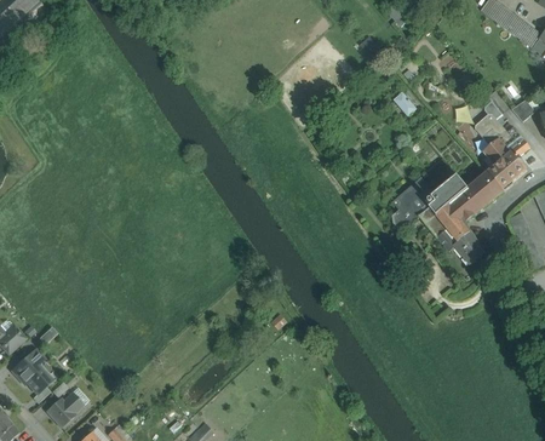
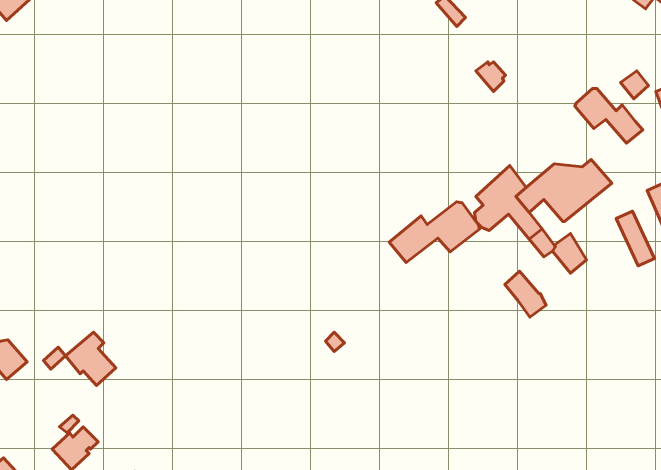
building: [482,138,526,190] -> none
building: [436,204,470,241] -> [505,271,546,317]
building: none -> [389,202,480,263]
building: [11,349,52,393] -> [66,332,116,386]

